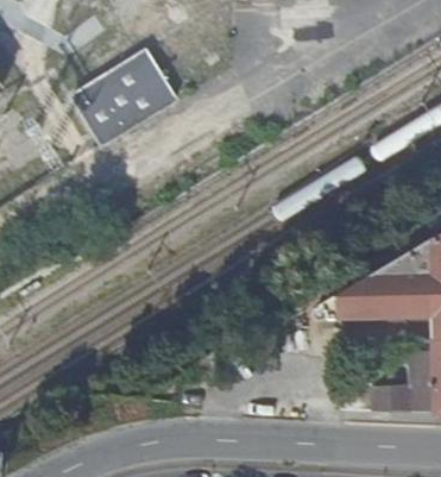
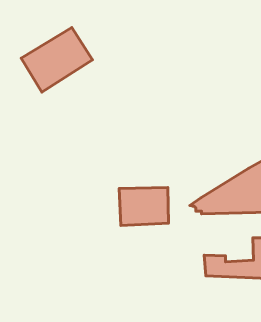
building: none -> [119,187,169,226]

